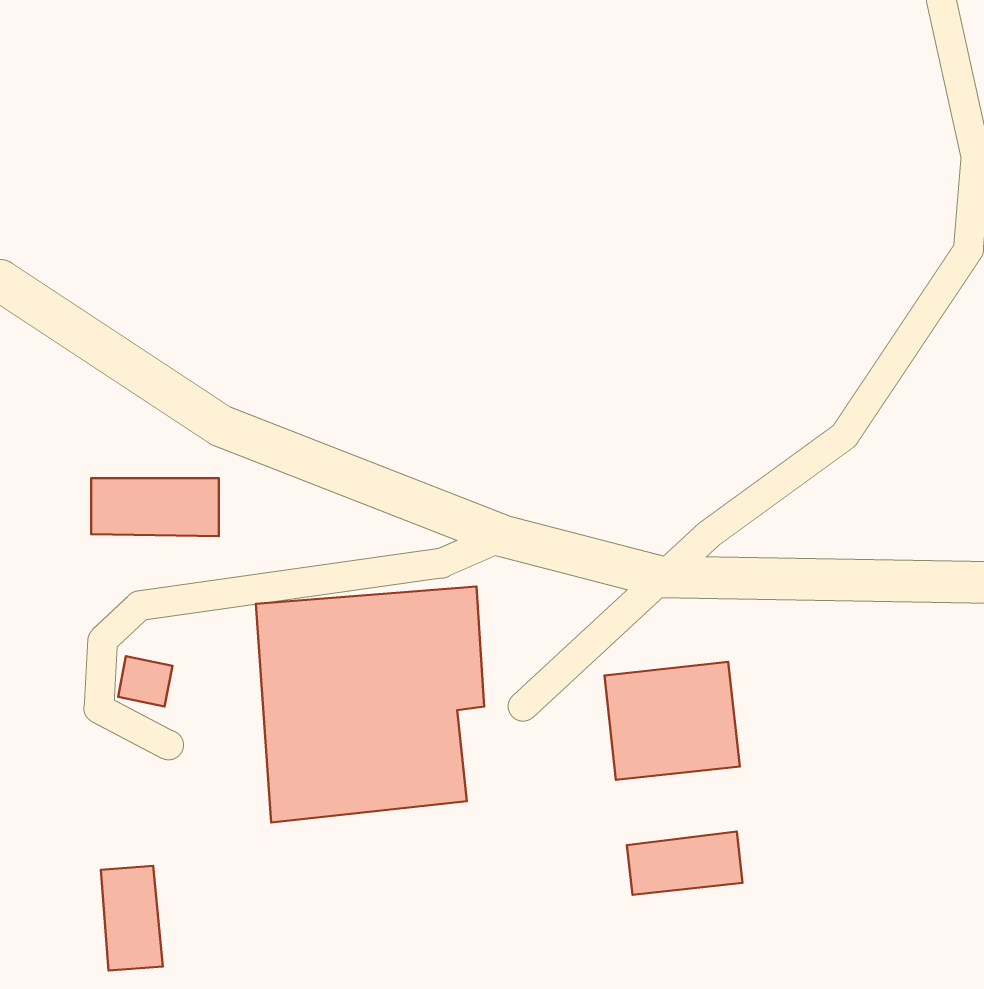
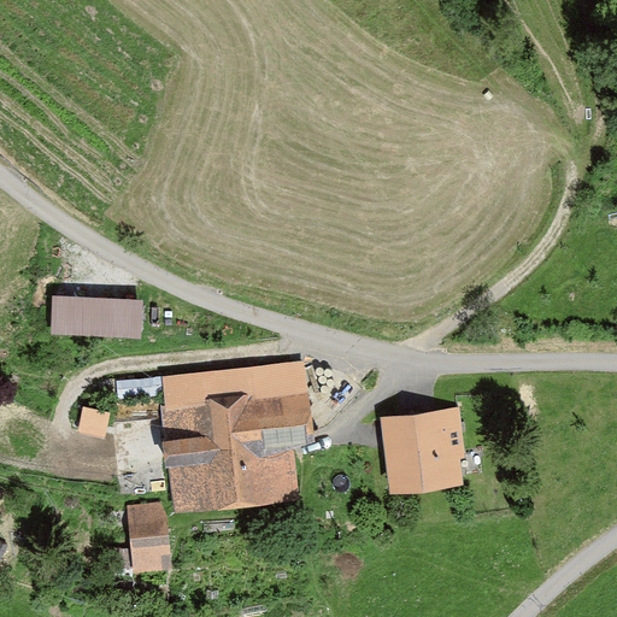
building: [627,831,742,895] -> none
building: [101,866,163,970] -> [129,507,168,572]

